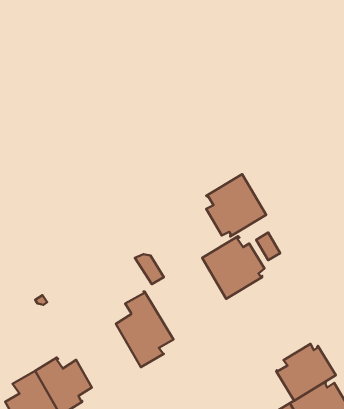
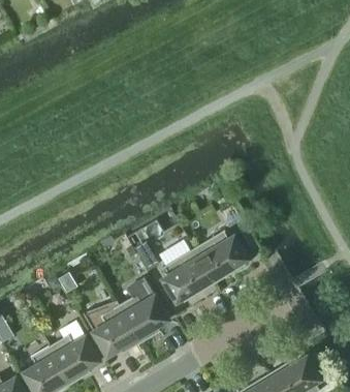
building: [206,174,266,237] -> [162,248,214,302]
building: none -> [93,305,140,355]
building: [276,344,336,401] -> none

